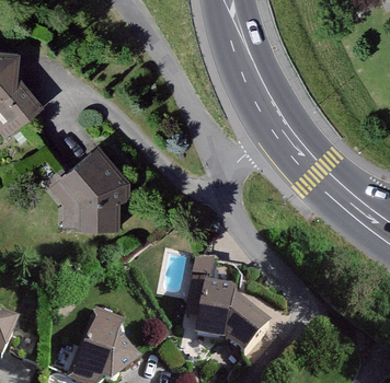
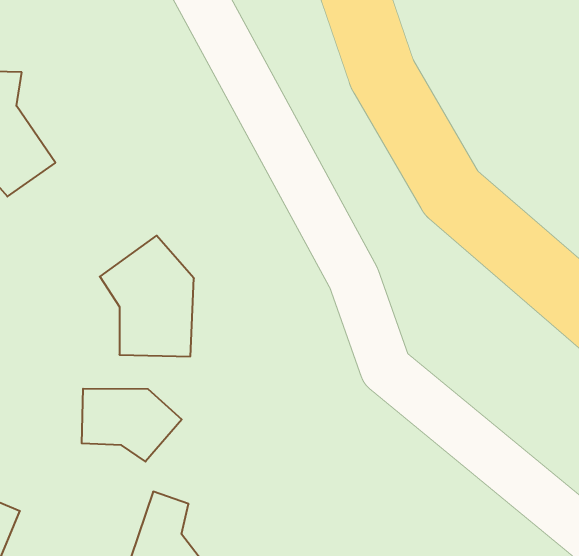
building: none -> [82,389,182,462]
building: [191,248,265,346] -> none

